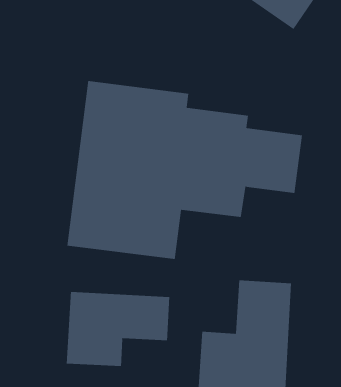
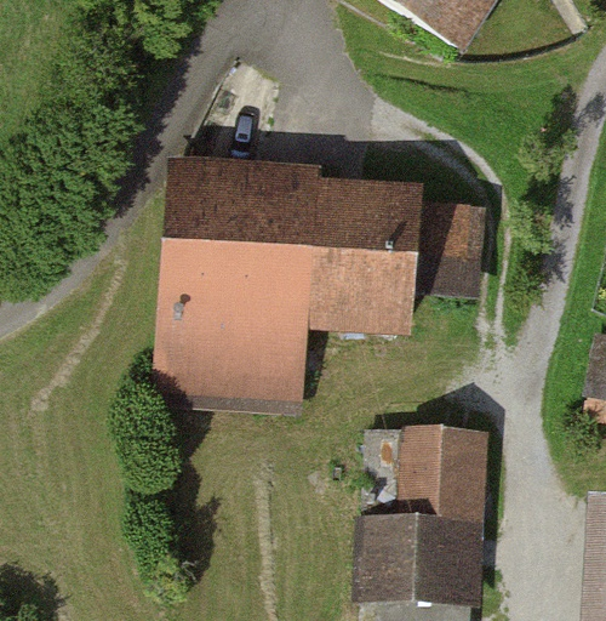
building: [66,291,170,367] -> none

